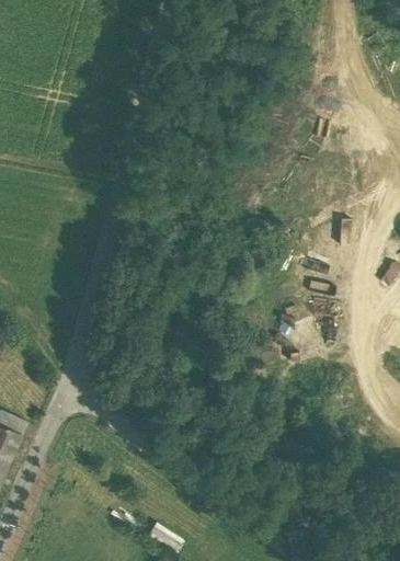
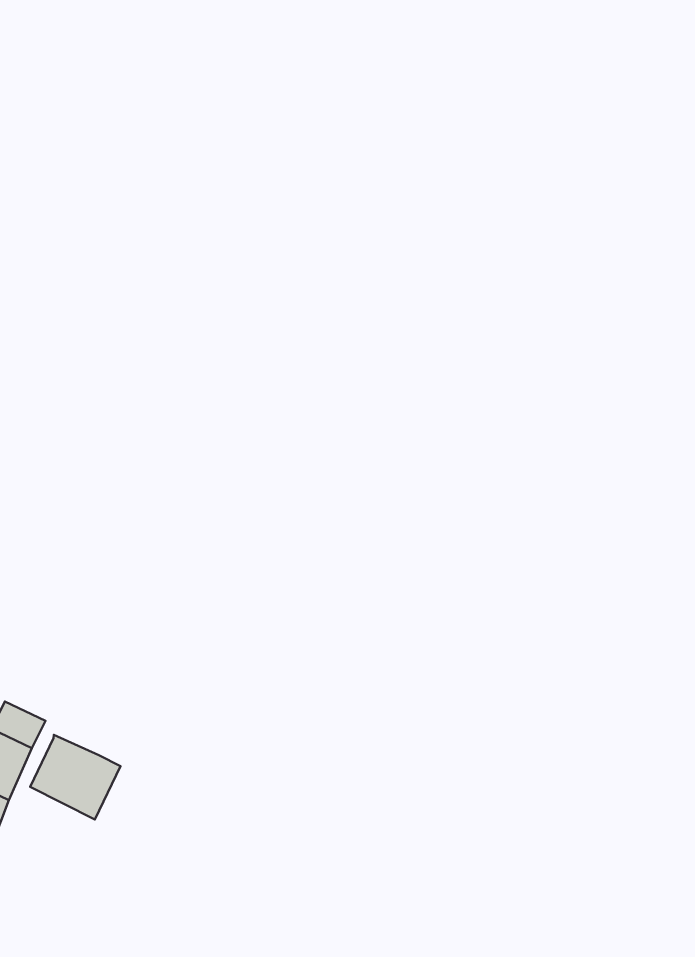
building: none -> [30,735,120,820]

